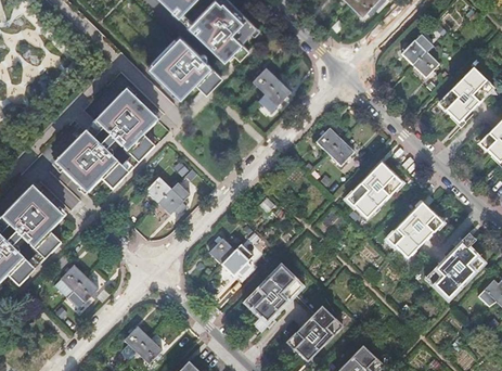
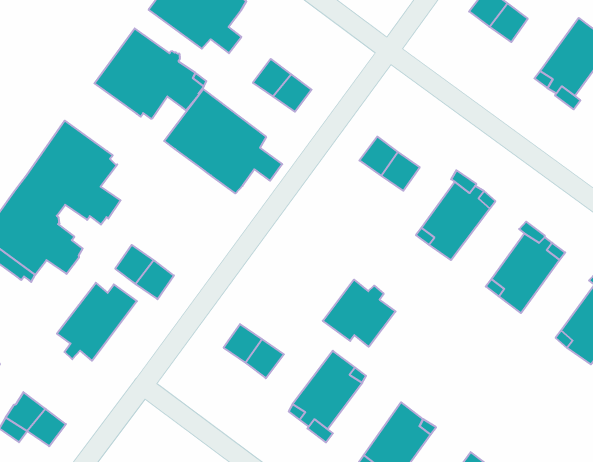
building: none -> [164,89,282,193]
building: none -> [57,283,137,361]
building: none -> [323,280,396,347]

